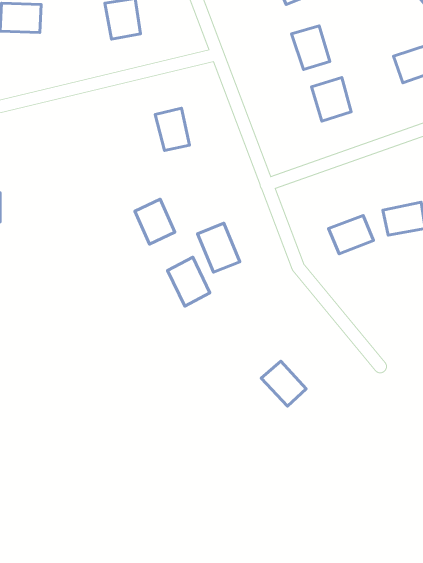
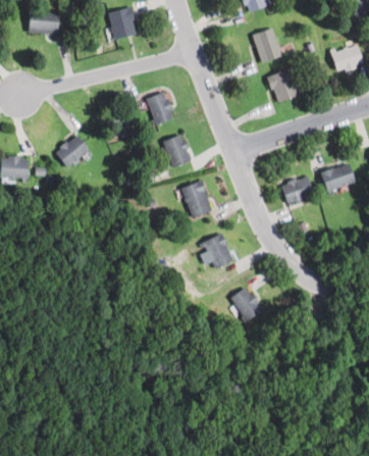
building: none -> [55,135,89,168]
building: [135,199,175,244] -> [161,134,192,168]
building: [168,257,210,306] -> [202,233,234,270]

